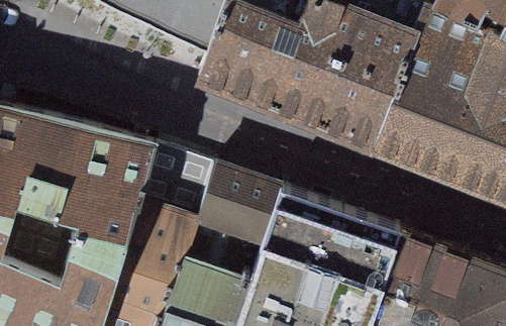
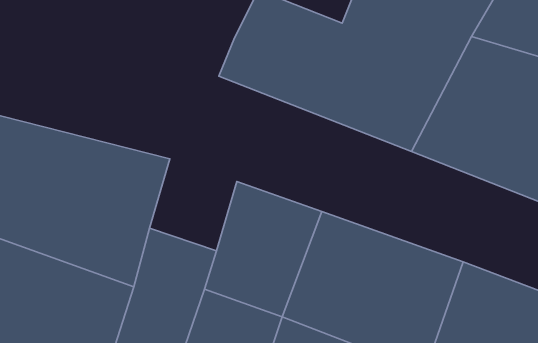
building: [142,150,216,228] -> none

